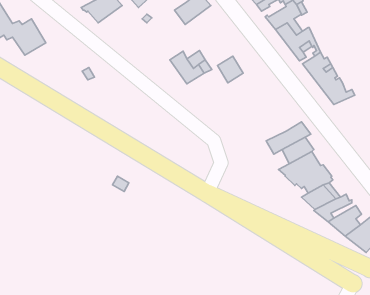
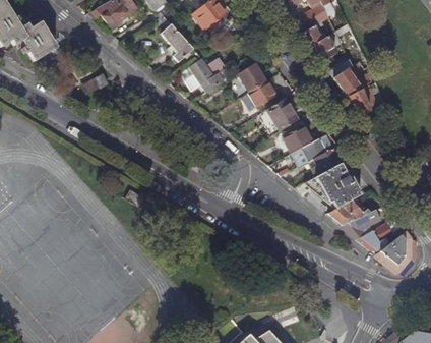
building: none -> [161,23,193,62]
building: none -> [247,79,276,107]
building: none -> [266,98,298,131]
building: none -> [281,125,311,153]

